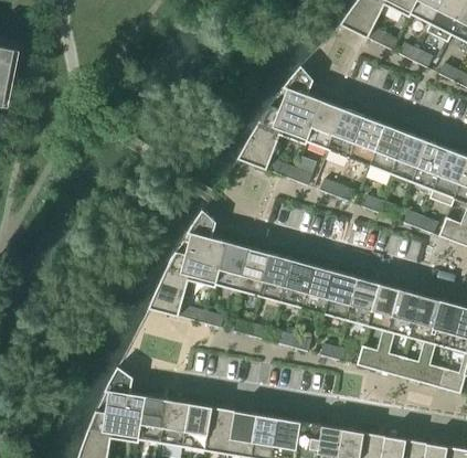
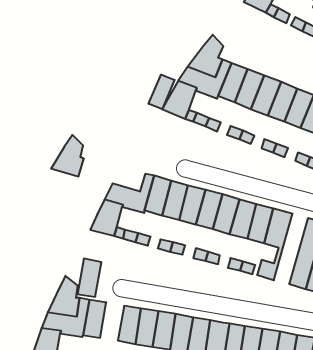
building: none -> [149,75,175,109]
building: [177,209,217,260] -> [51,135,84,176]
building: [378,288,420,375] -> none
building: [161,398,191,446] -> [77,259,101,297]

